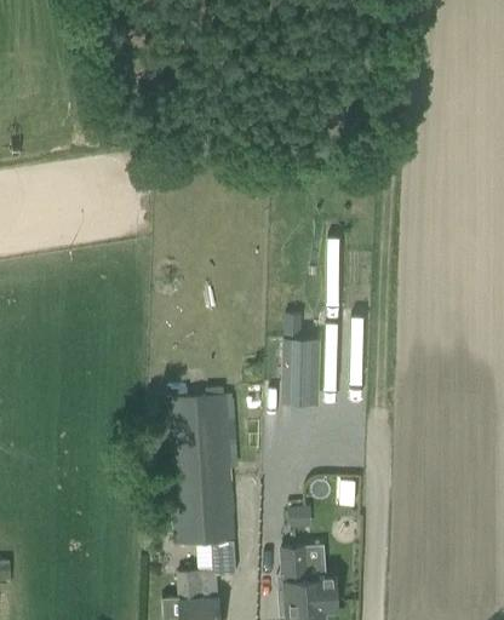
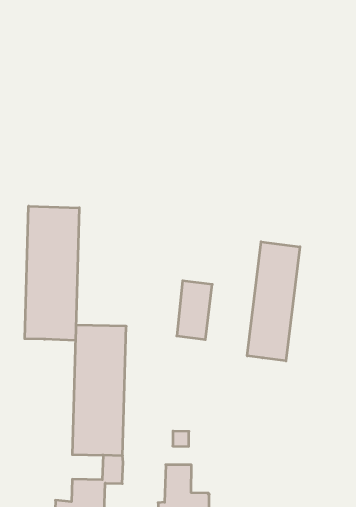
building: none -> [25,206,79,340]
building: none -> [247,242,300,361]

